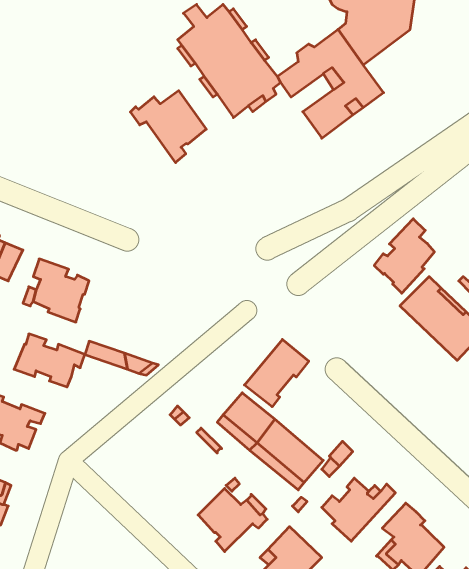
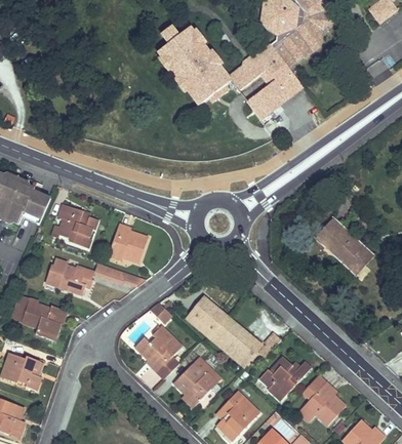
building: [130,91,206,163] -> none
building: [374,219,434,293] -> none
building: none -> [111,225,148,261]
building: [244,339,309,407] -> none
building: none -> [134,325,182,378]

